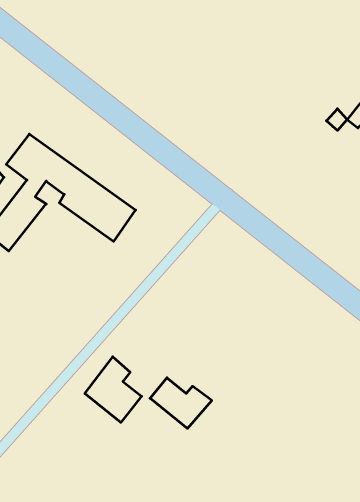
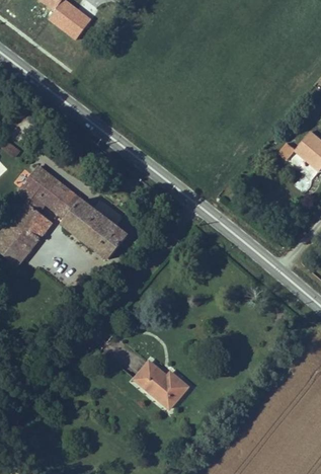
building: [85,357,142,422] -> none

